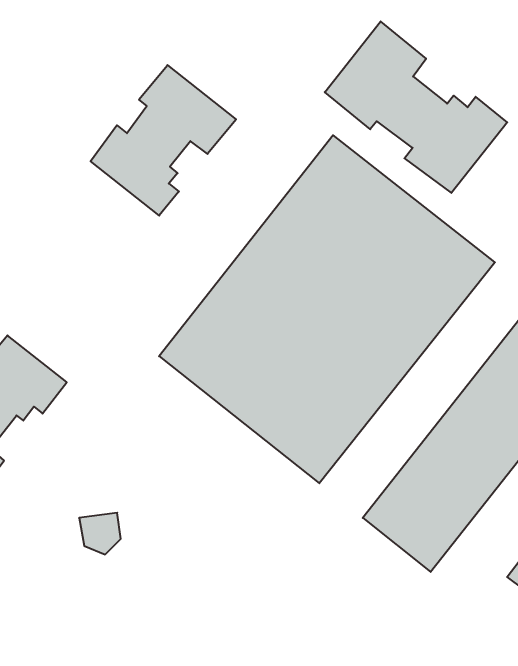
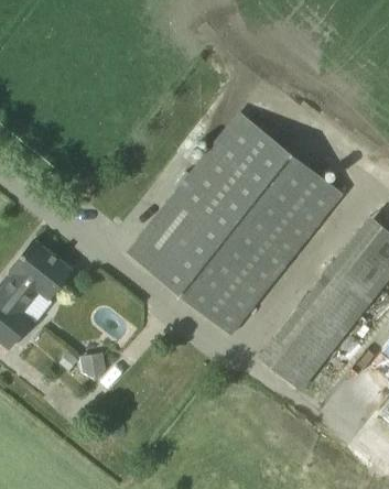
building: [325,21,507,193] -> none
building: [91,65,236,216] -> none

